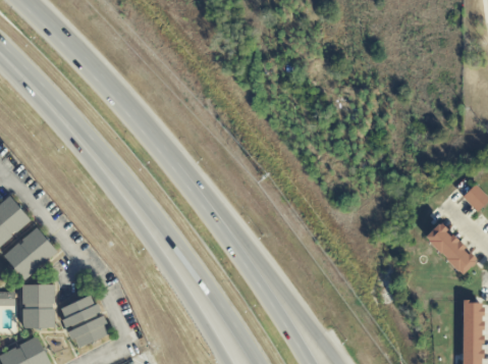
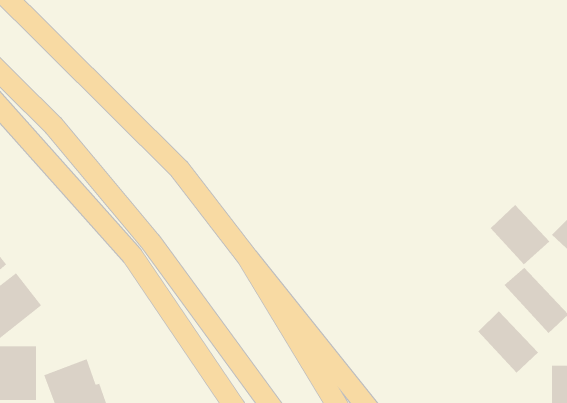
building: none -> [490,204,550,265]
building: none -> [478,311,539,374]

